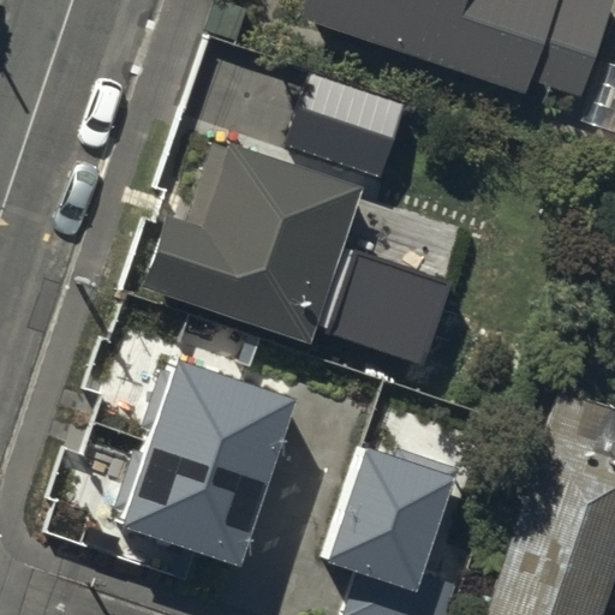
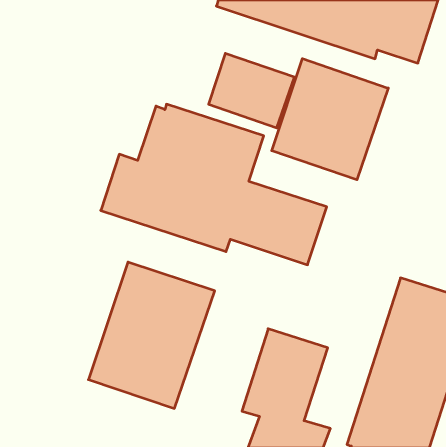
building: none -> [272,59,388,180]

